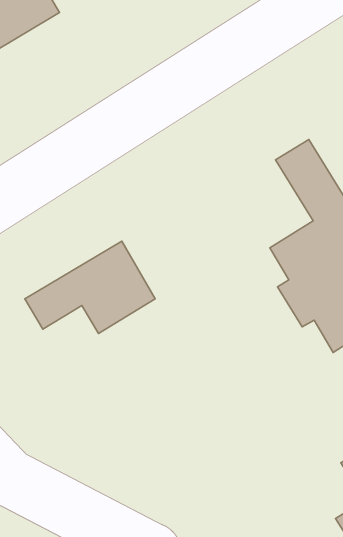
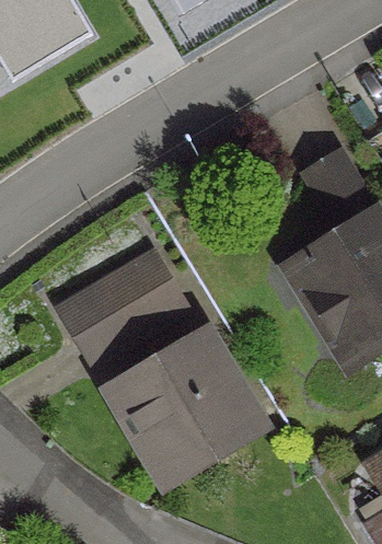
building: none -> [120,348,246,473]

